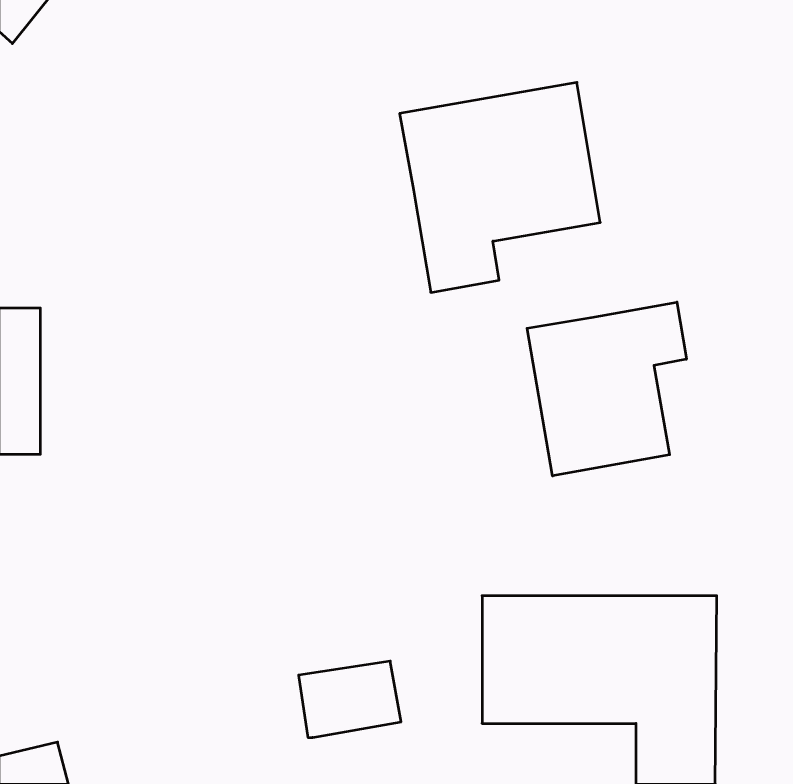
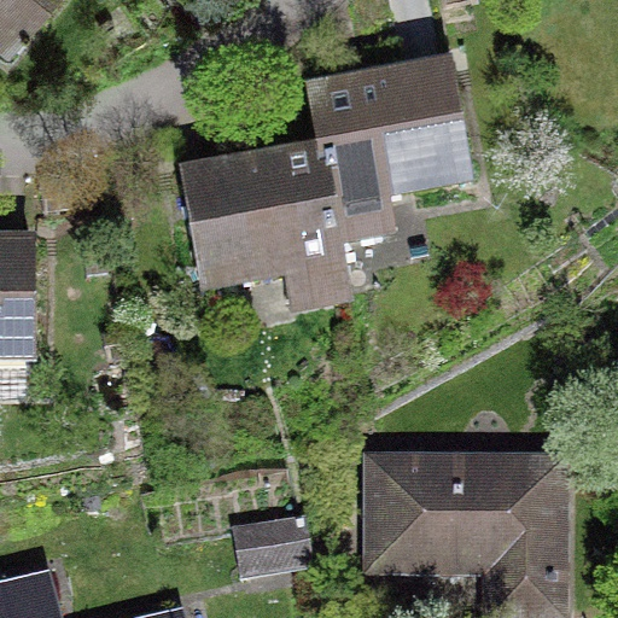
building: none -> [183,147,345,295]
building: [527,302,686,476] -> none

